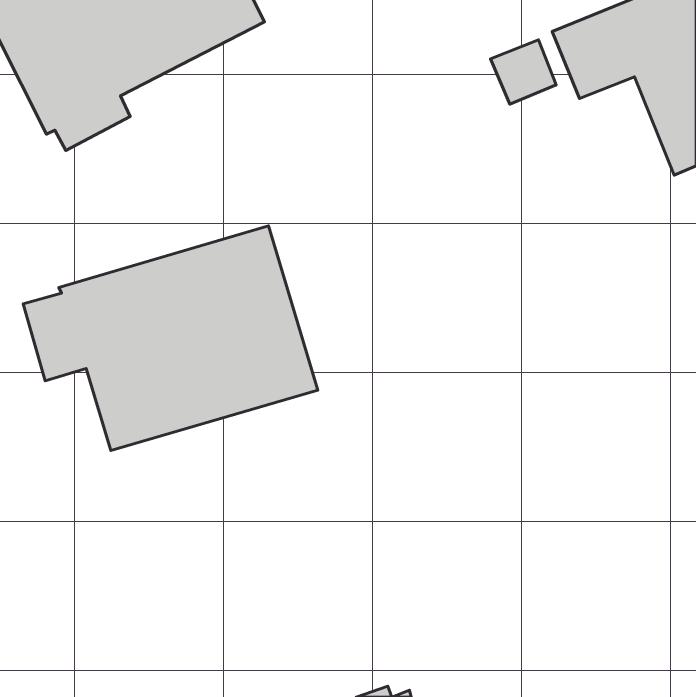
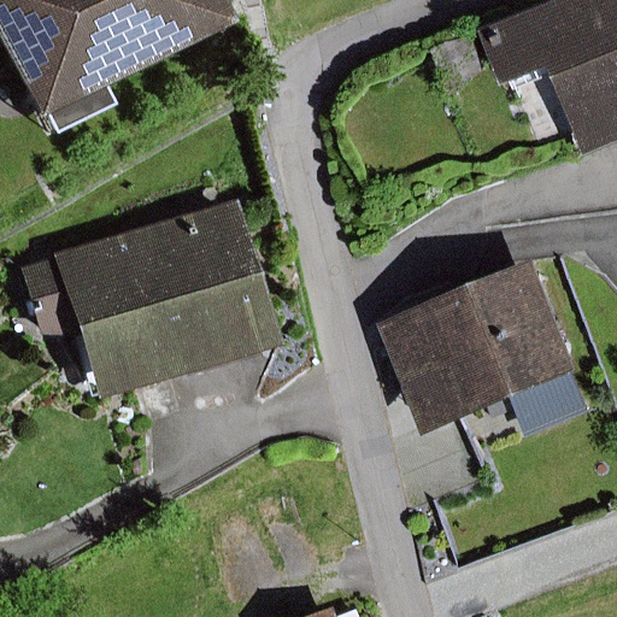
building: none -> [384,258,592,439]

